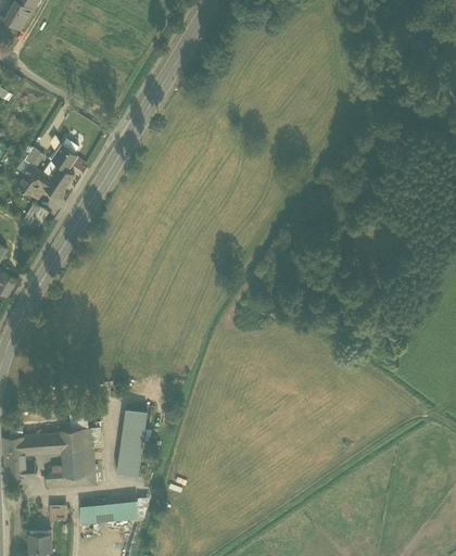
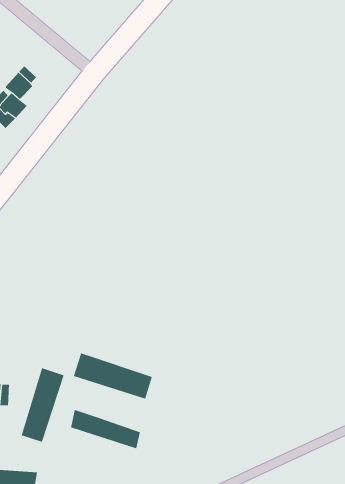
building: none -> [73,353,153,400]
building: none -> [71,409,140,449]

